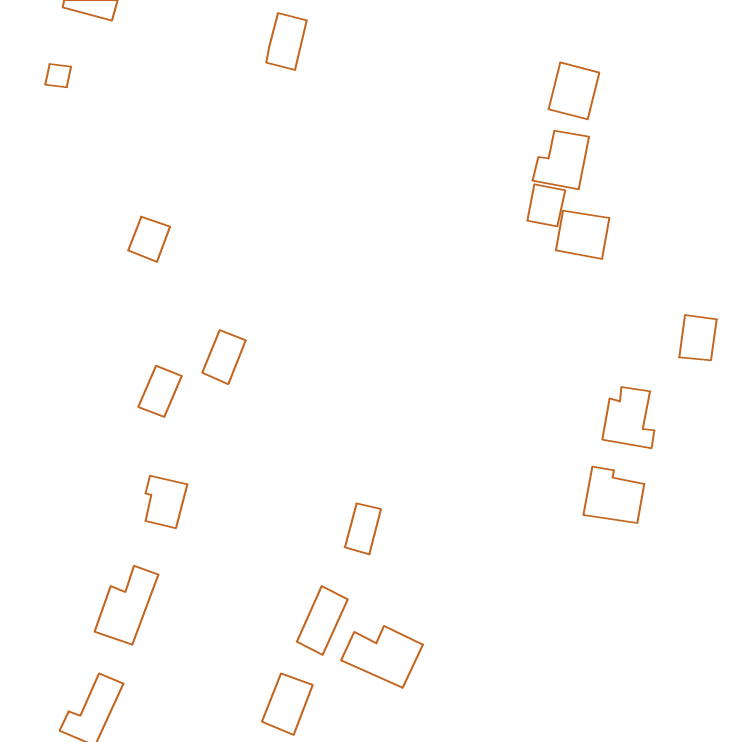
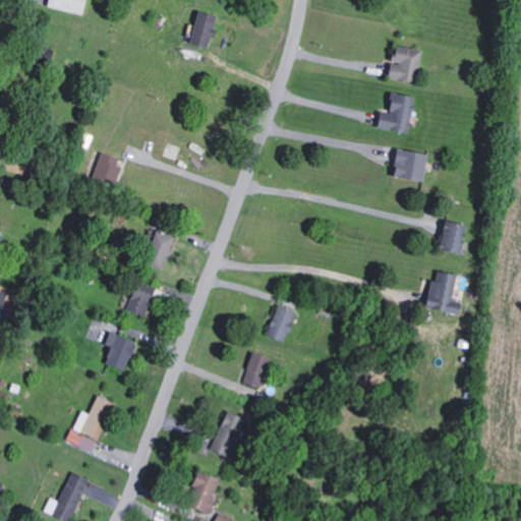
building: [528,184,565,226] -> none
building: [679,315,717,360] -> [440,222,466,253]
building: [138,366,182,417] -> [125,281,156,316]
building: none -> [268,305,295,342]
building: [584,467,644,523] -> none
building: [341,626,423,688] -> none

